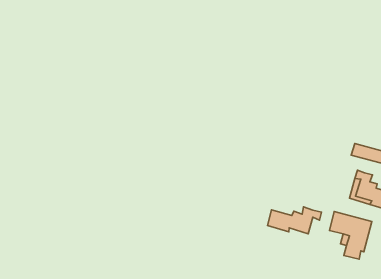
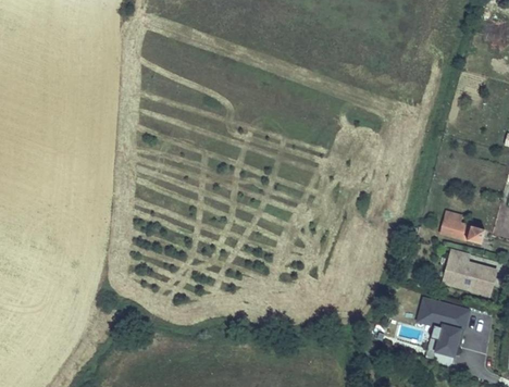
building: [267,207,322,234] -> none

